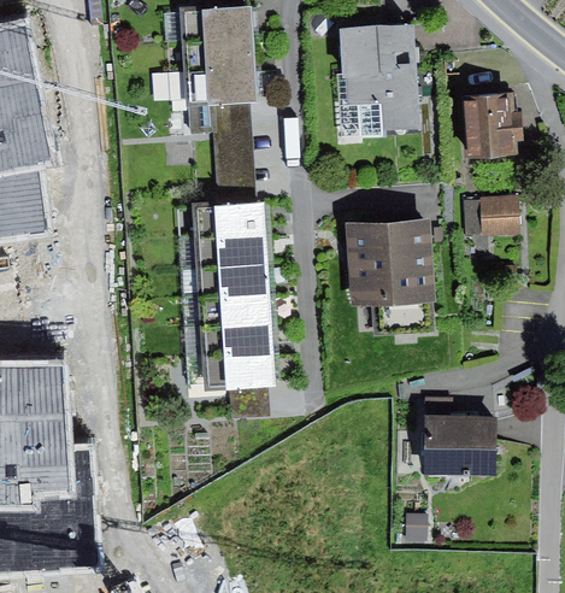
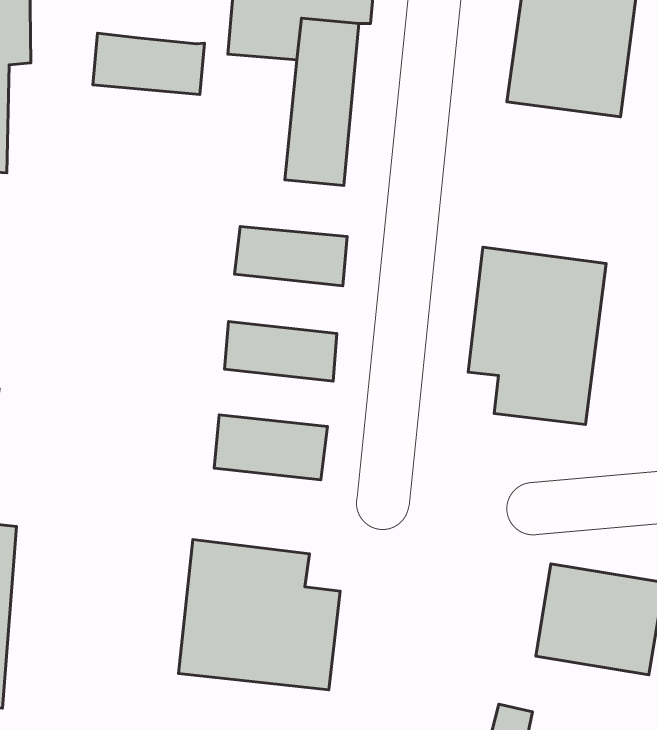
building: [194,200,264,237] -> [93,33,204,95]
building: [198,264,267,298] -> none
building: [201,324,271,357] -> none
building: none -> [178,540,340,690]

